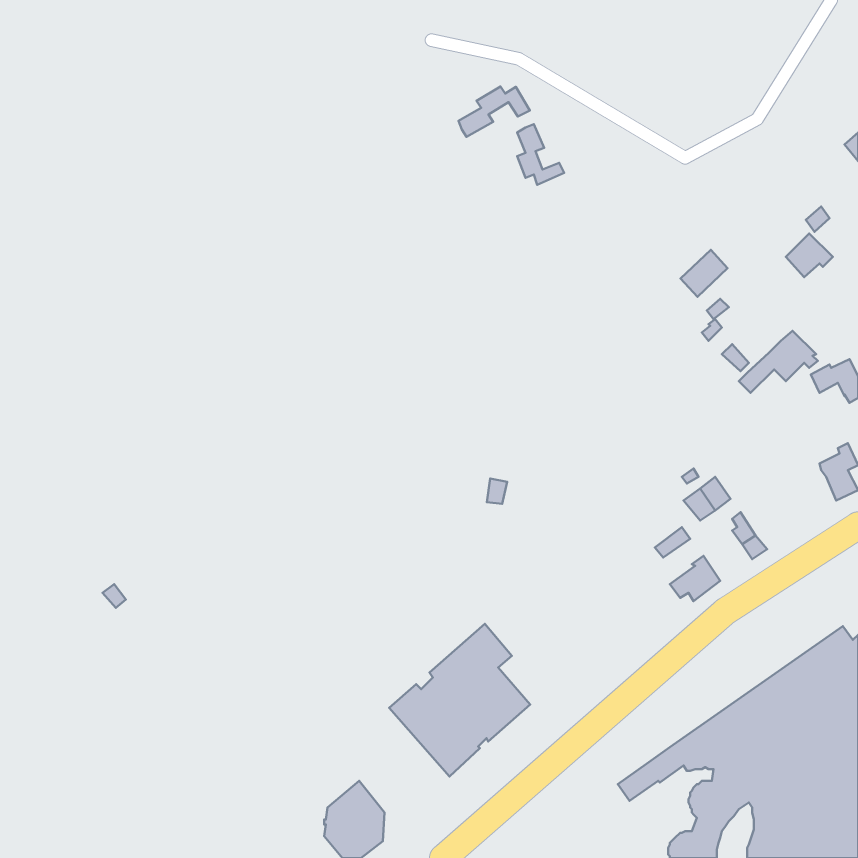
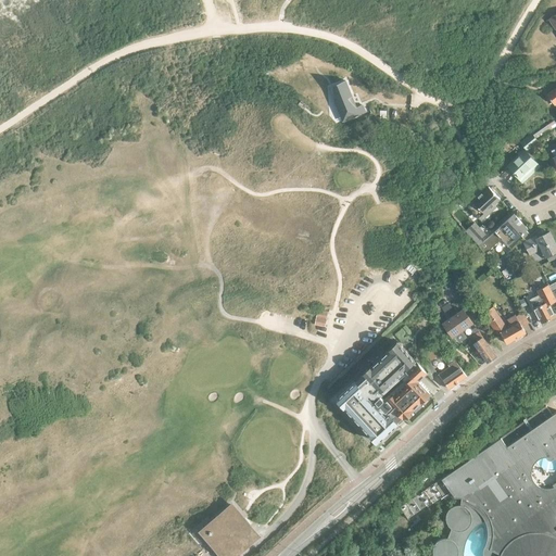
building: [458,86,530,137] -> none
building: [681,250,728,297] -> [469,187,500,217]
building: none -> [483,306,530,343]
building: [389,624,530,777] -> [339,348,430,446]

